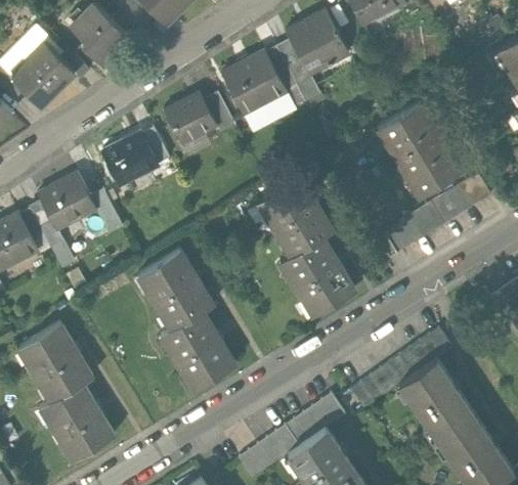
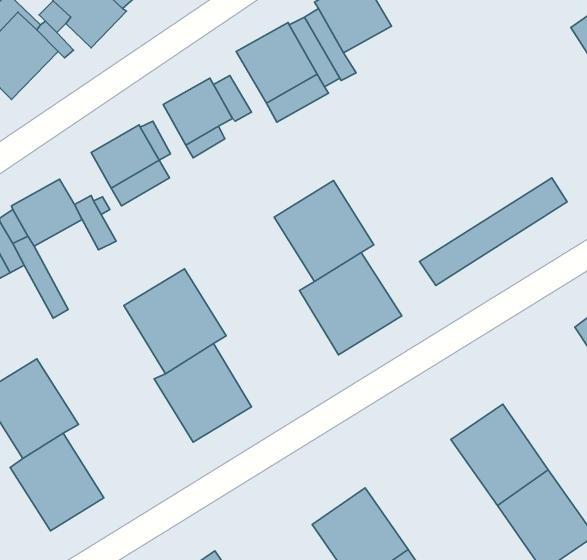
building: [370,101,458,196] -> none
building: [341,328,452,413] -> none
building: [238,395,341,476] -> none

